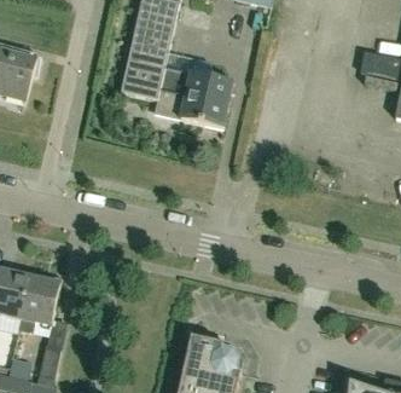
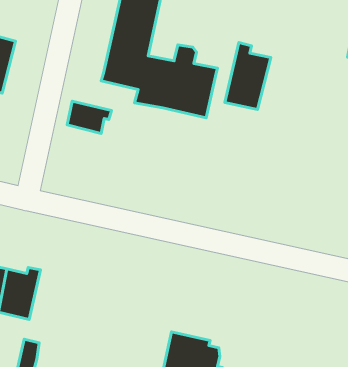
building: none -> [225,42,271,110]
building: none -> [67,101,111,133]

